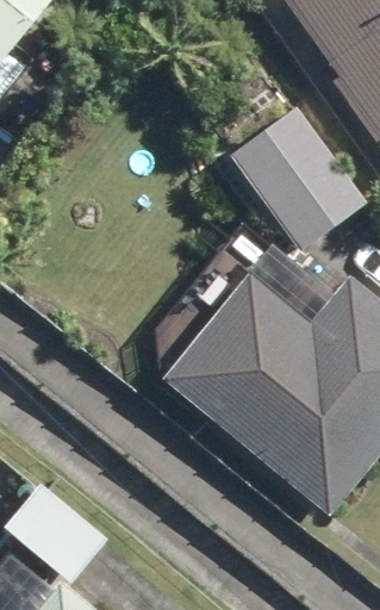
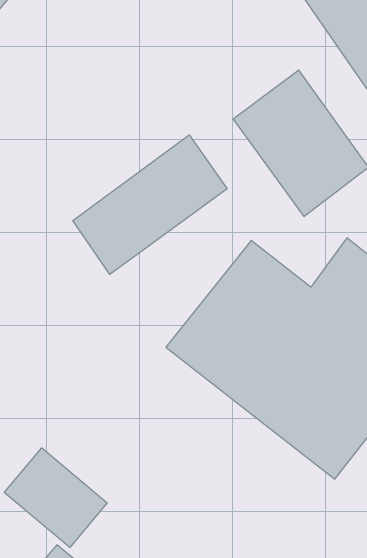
building: none -> [73,135,227,274]

